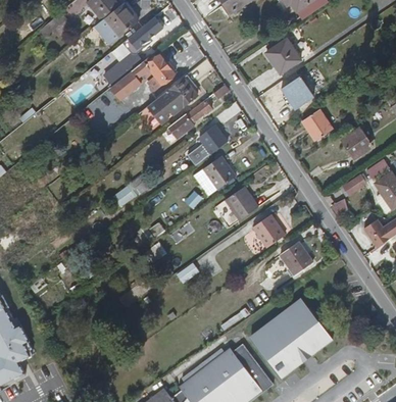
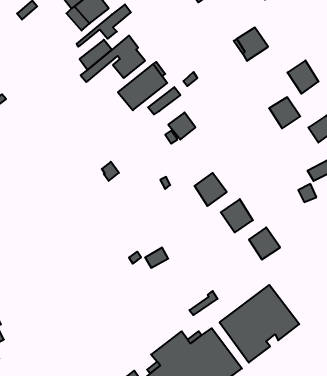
building: [281,77,312,110] -> [287,60,319,94]
building: [194,156,236,196] -> none

